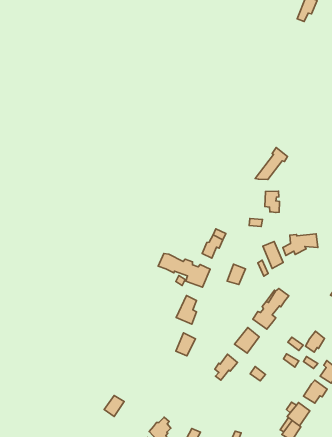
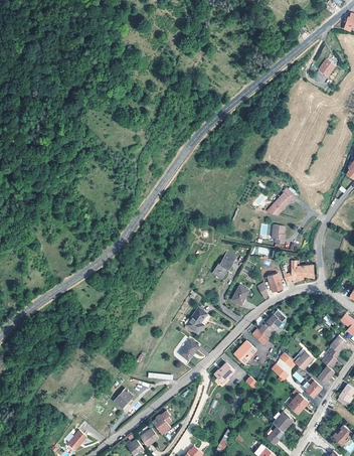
building: [158,253,210,287] -> none

